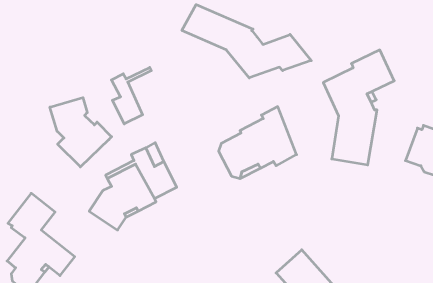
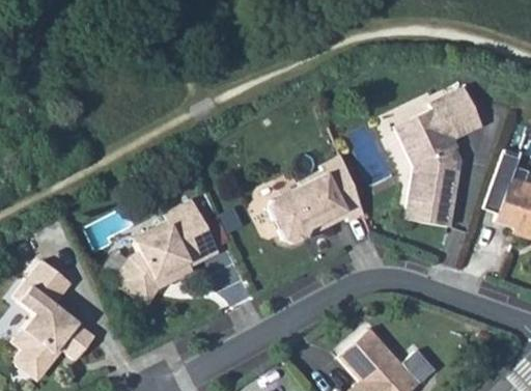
building: [182,5,311,78] -> none
building: [111,67,151,124] -> none
building: [50,98,112,167] -> none

